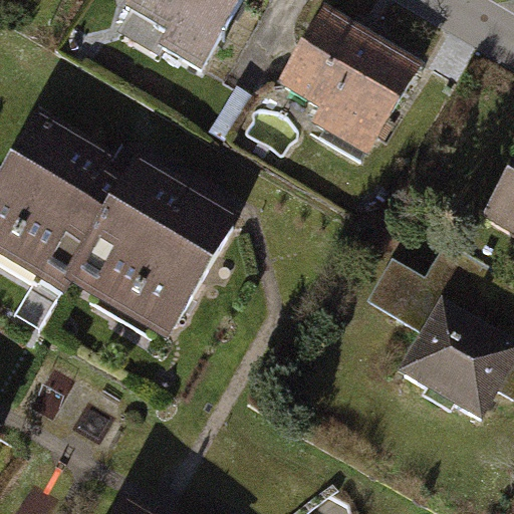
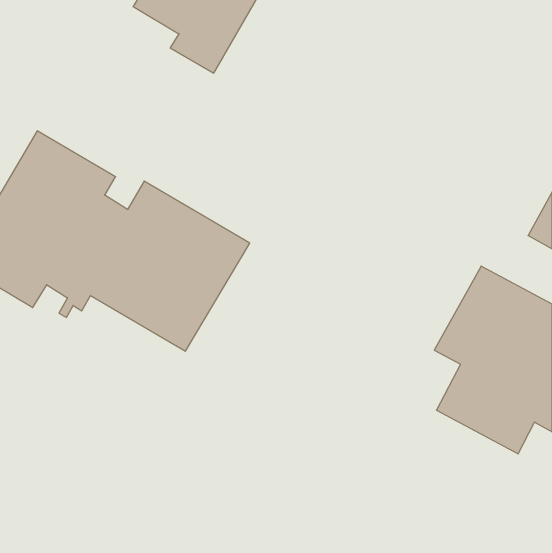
building: [280,14,413,161] -> none

